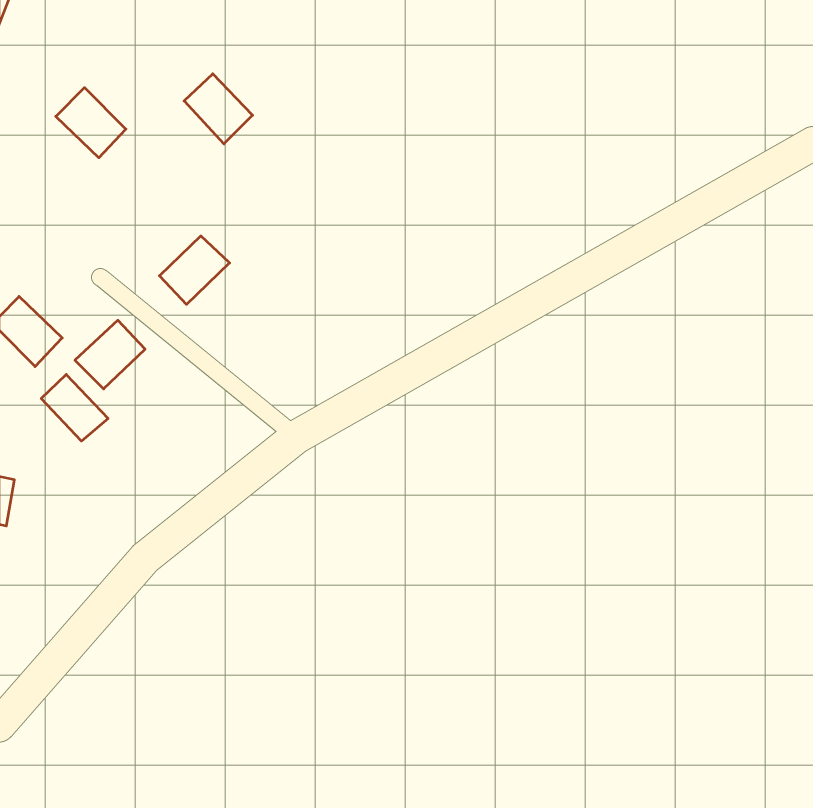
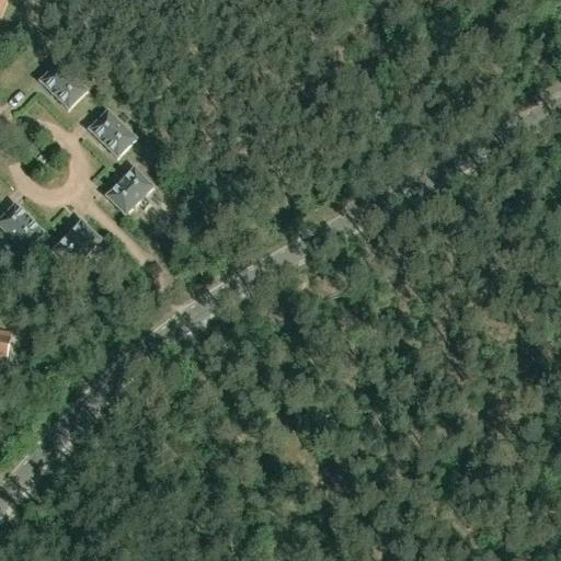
building: [184,74,253,144] -> [88,110,135,158]
building: [41,374,108,441] -> none

